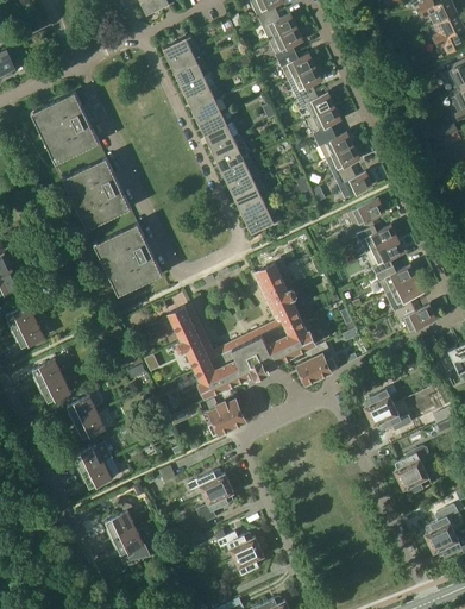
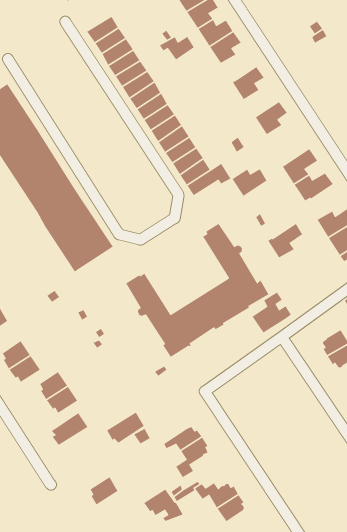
building: [297,92,334,117] -> [159,36,195,60]
building: [316,131,353,158] -> none
building: [335,170,372,199] -> [232,168,268,197]
building: [366,238,404,272] -> [267,223,303,258]
building: [207,394,246,435] -> none
building: [80,457,120,488] -> [106,411,145,444]
building: [111,527,151,561] -> [143,489,184,522]

